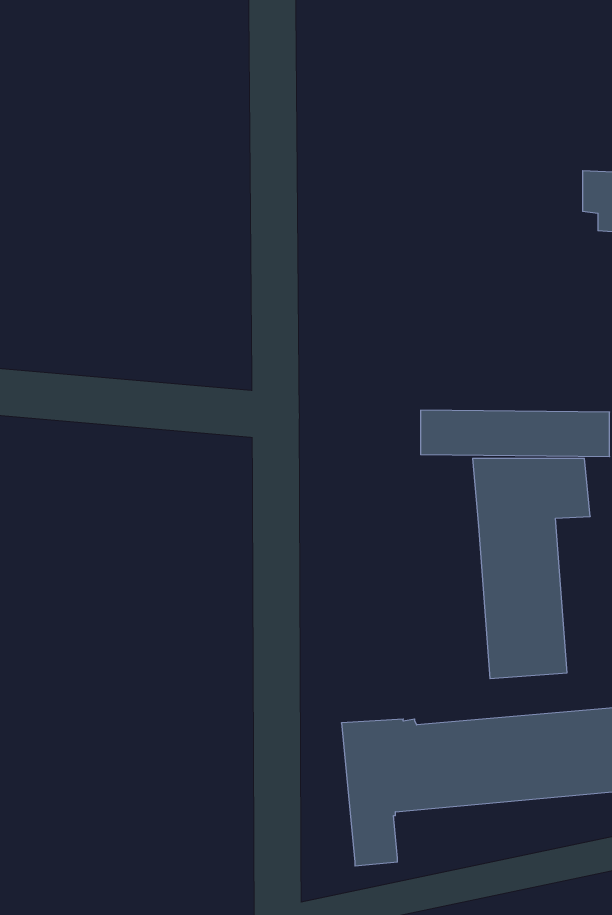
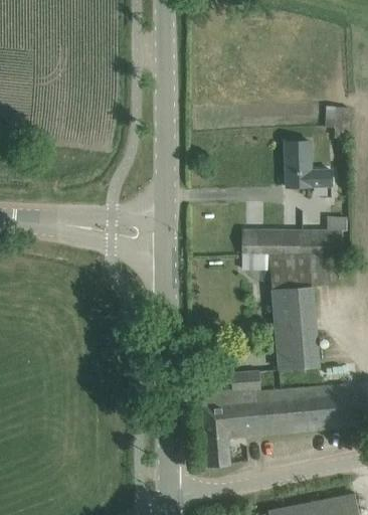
building: none -> [285,141,331,187]
building: none -> [230,371,259,391]

